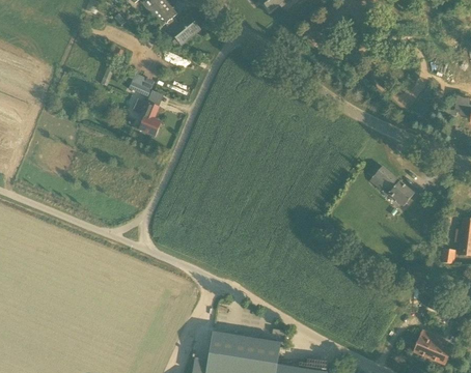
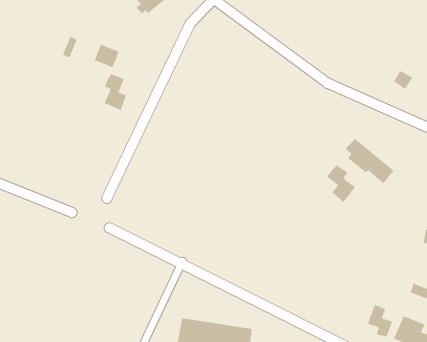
building: none -> [326,165,356,203]
building: none -> [367,304,393,337]

